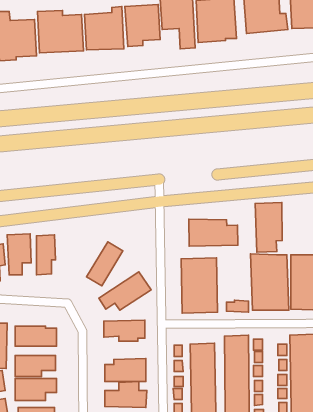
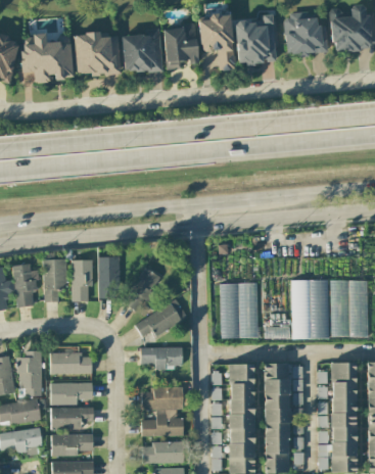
building: [255,202,282,252] -> none
building: [189,219,238,246] -> none
building: none -> [99,257,120,297]

